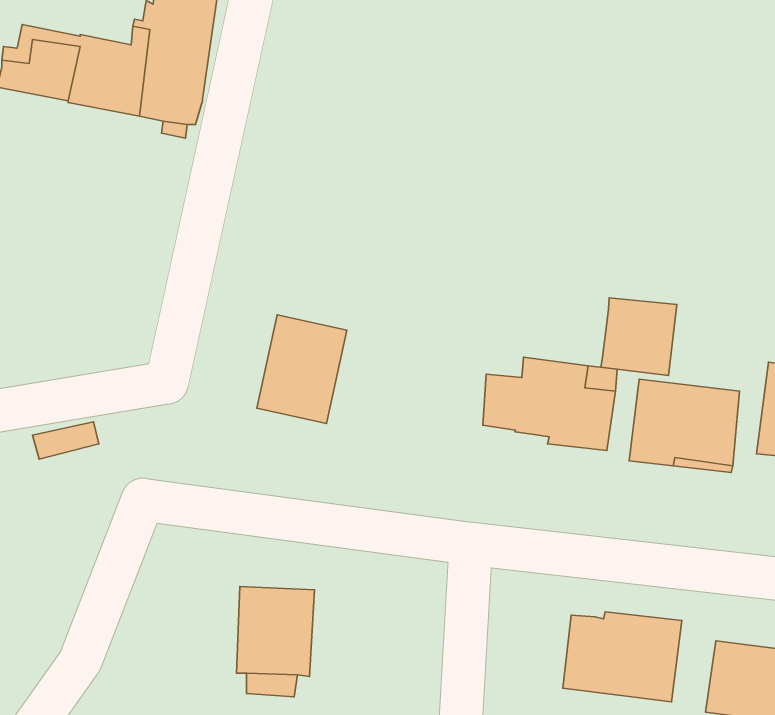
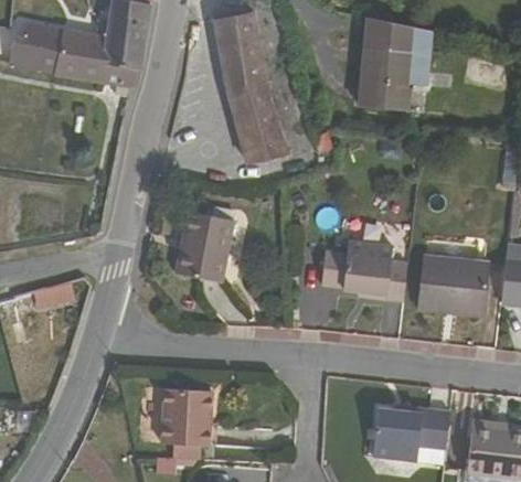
building: none -> [215,13,285,164]
building: none -> [369,13,443,108]
building: [601,298,677,376] -> none

